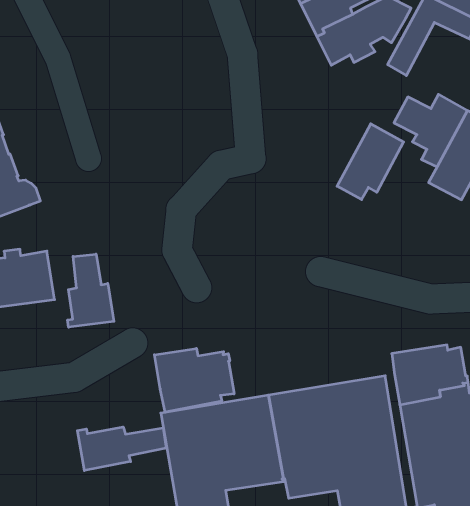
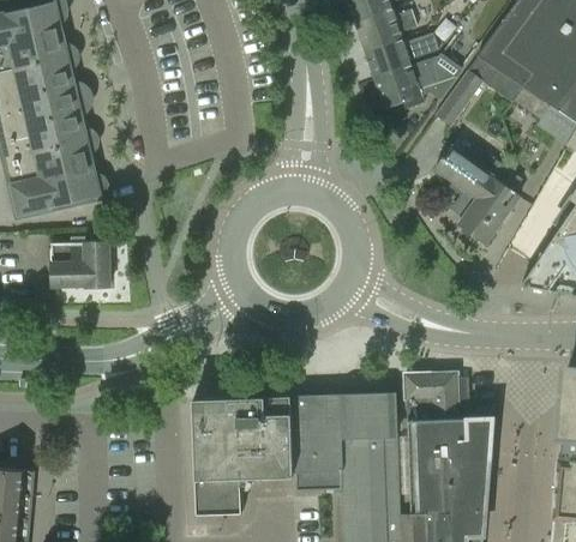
building: [337,124,404,200] -> none
building: [68,254,114,327] -> none
building: [154,348,234,412] -> none
building: [77,427,166,471] -> none

